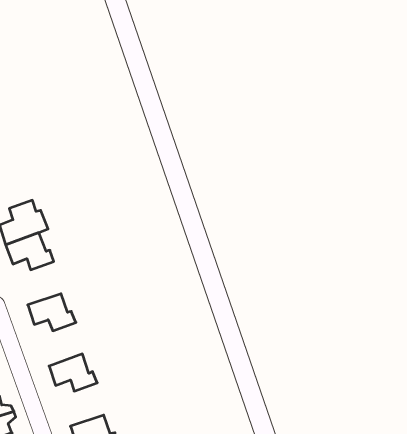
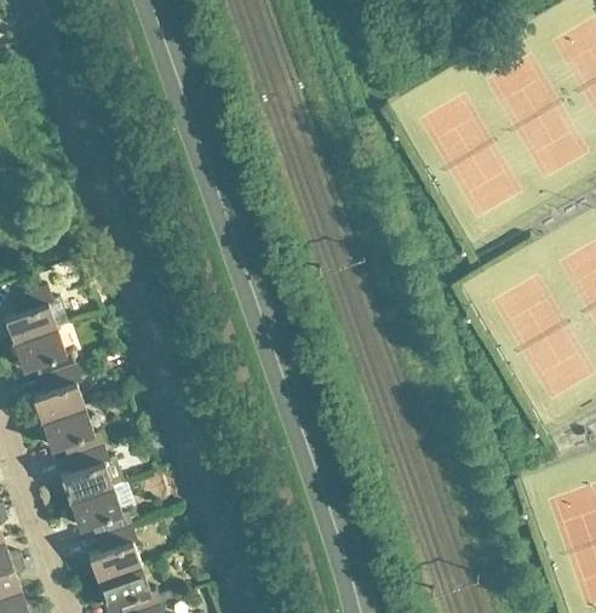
building: none -> [31,369,85,426]
building: none -> [59,449,113,506]
building: none -> [87,528,141,585]

